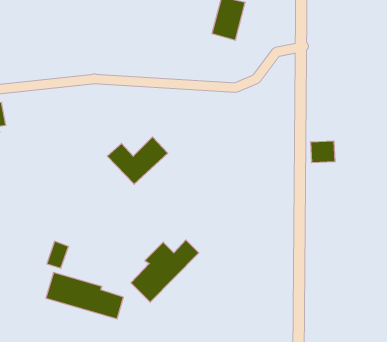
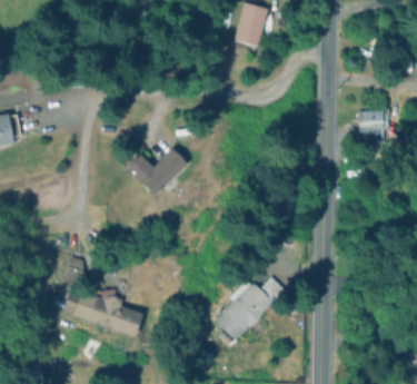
building: [310,141,335,163] -> [358,109,384,131]
building: [131,240,199,302] -> [215,276,285,341]

